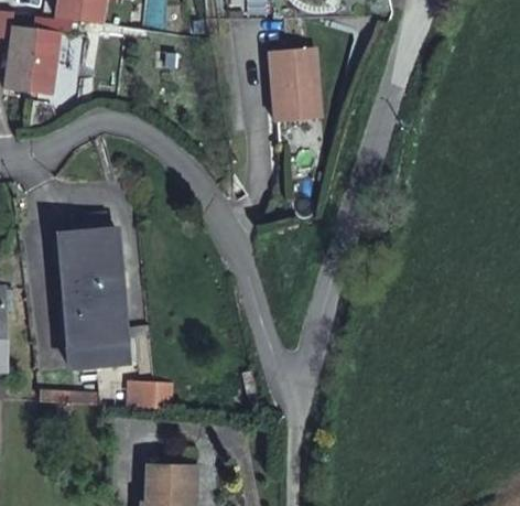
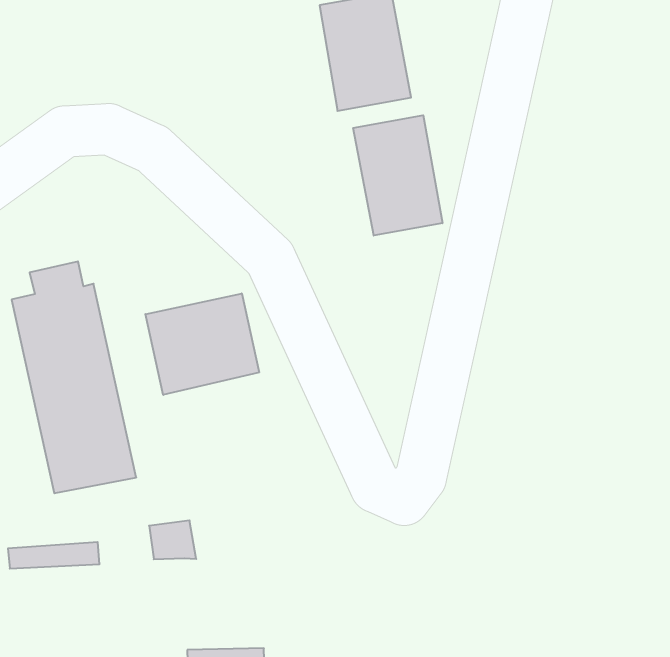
building: none -> [353,115,442,236]
building: none -> [145,293,259,395]

